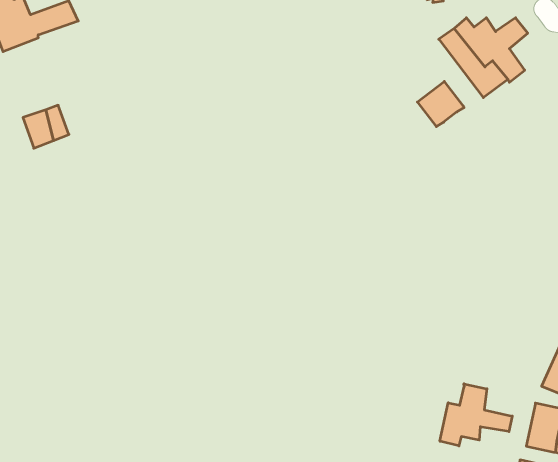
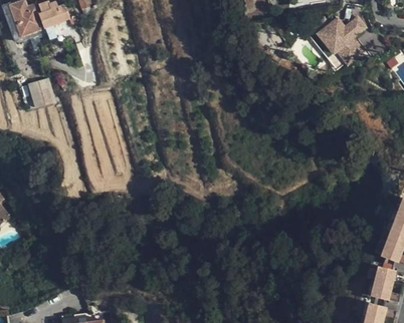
building: [417,81,464,127] -> none
building: [440,384,512,446] -> none

